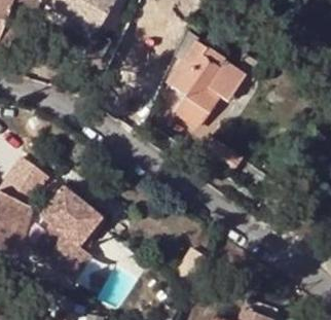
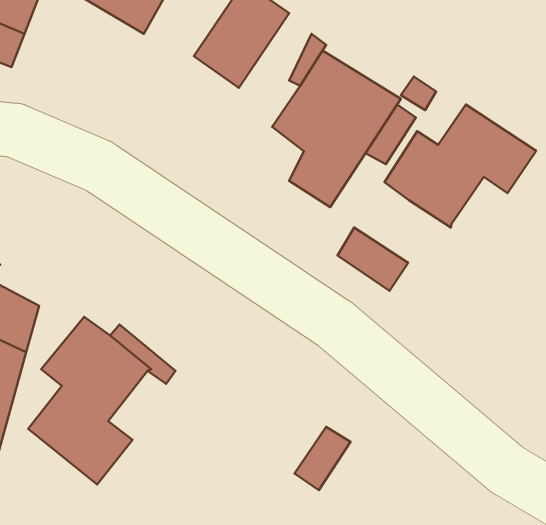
building: none -> [384,105,536,227]

